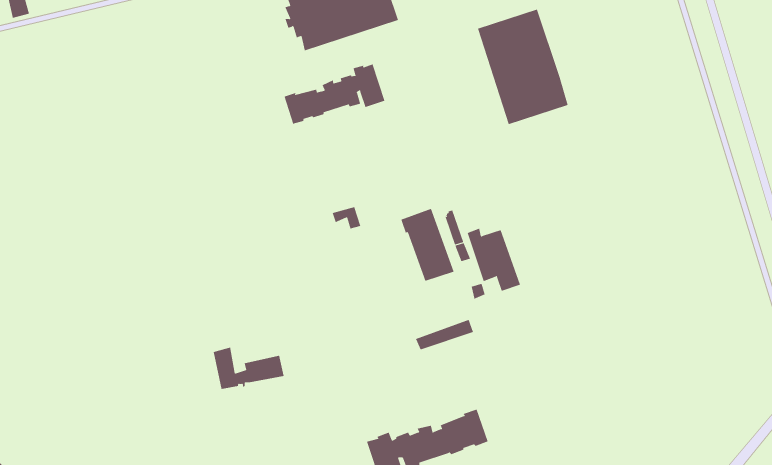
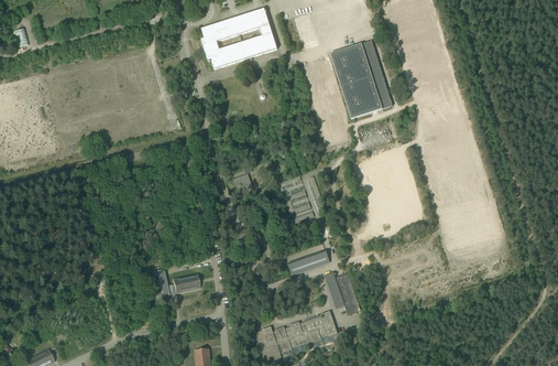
building: [284,63,385,125] -> none
building: [467,228,521,292] -> [325,272,361,315]

